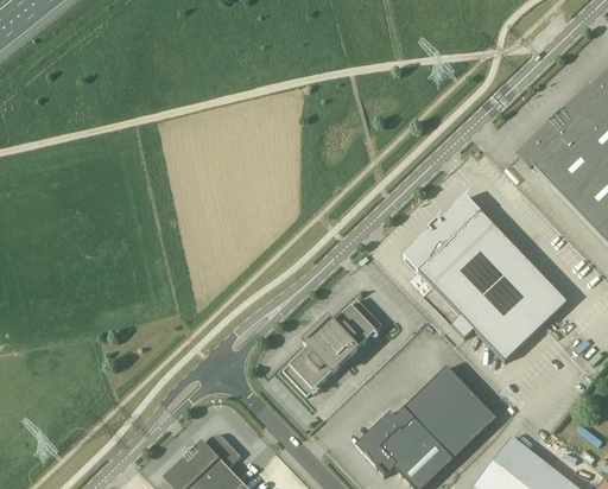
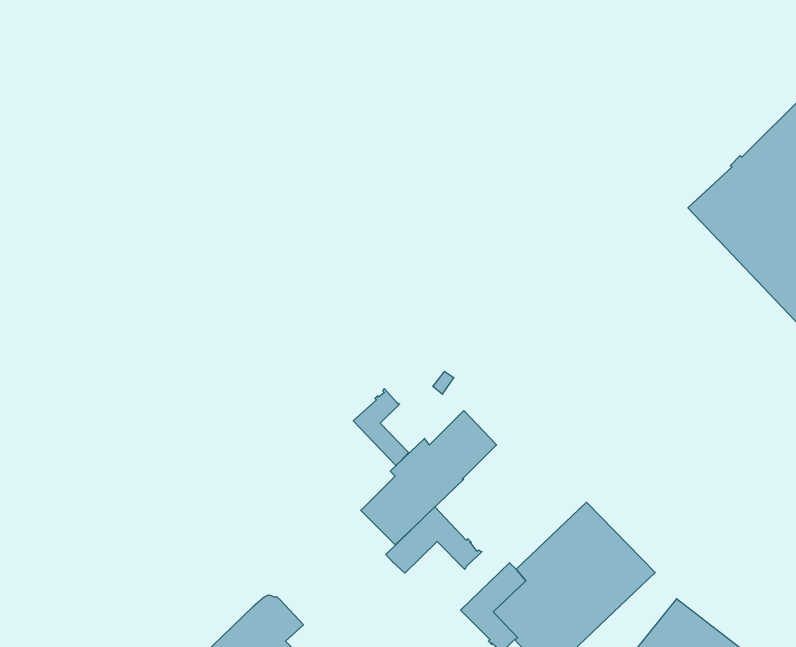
building: [404,196,568,362] -> none
building: none -> [353,389,409,466]
building: none -> [386,507,482,573]

